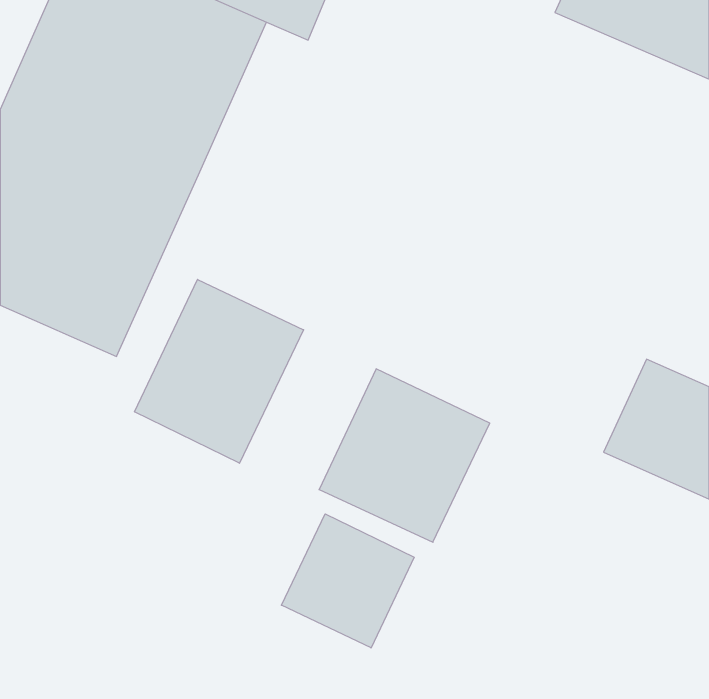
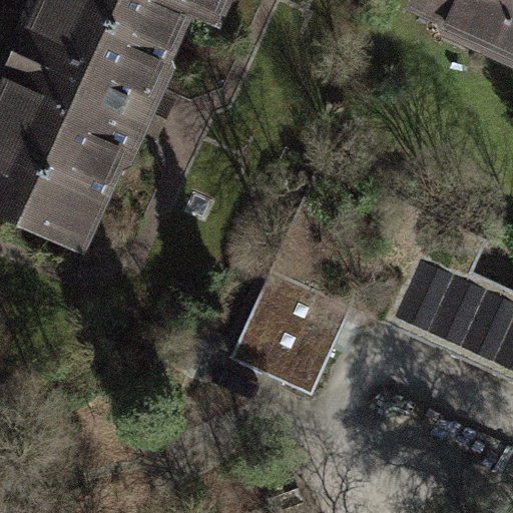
building: [135,279,304,463] -> none
building: [281,514,414,648] -> none

